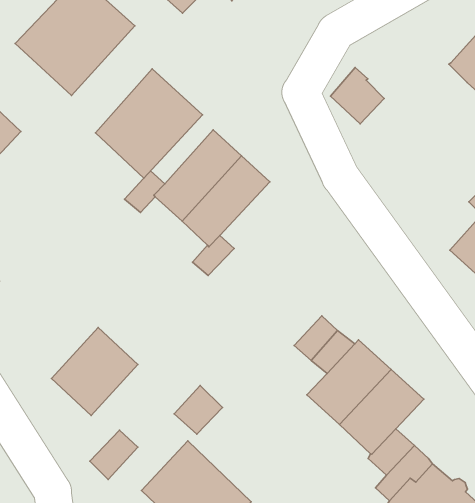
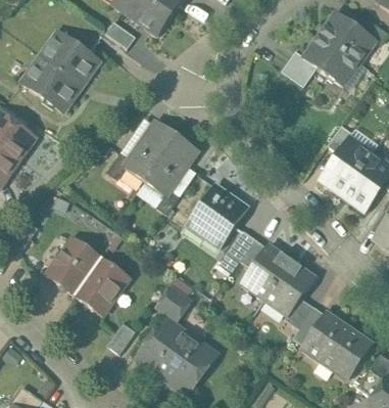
building: [331,68,384,124] -> [282,50,317,86]
building: [95,69,202,178] -> none
building: none -> [188,184,247,245]
building: none -> [46,237,100,293]

